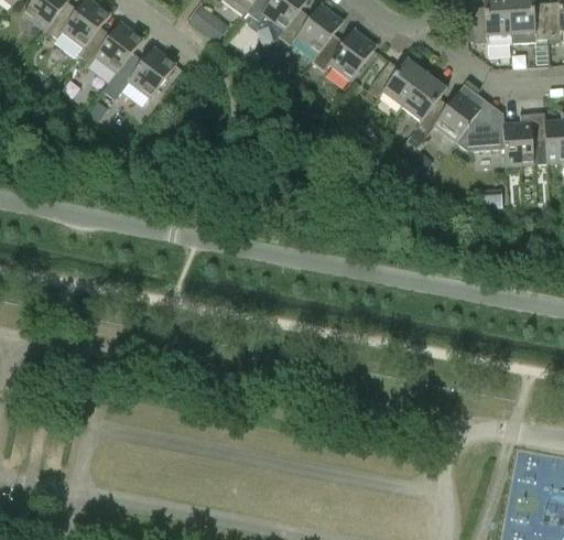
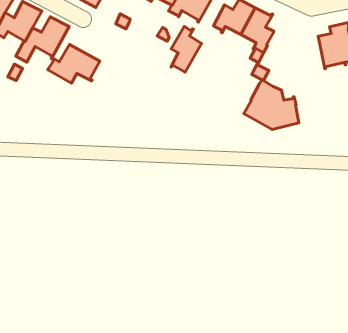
building: [433,84,503,151] -> [244,80,299,129]
building: none -> [171,26,202,72]
building: none -> [48,44,100,83]

